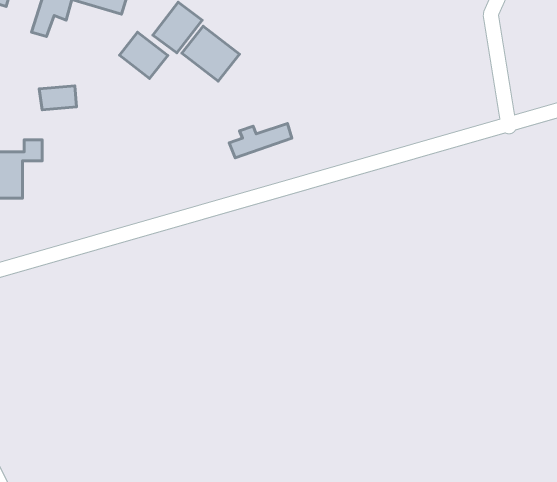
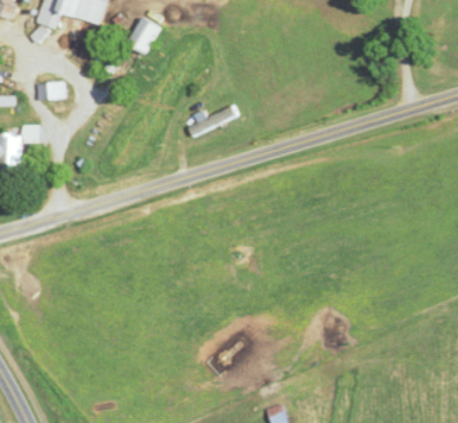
building: [182,26,240,81] -> none
building: [120,32,168,78] -> none

